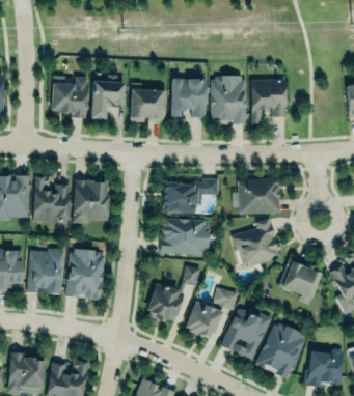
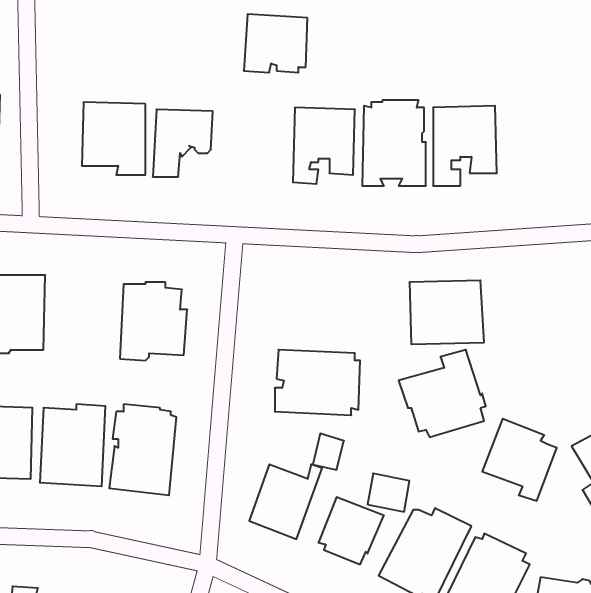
building: [130,88,166,121] -> [244,14,307,73]
building: [32,176,69,222] -> none
building: [162,178,217,213] -> none

